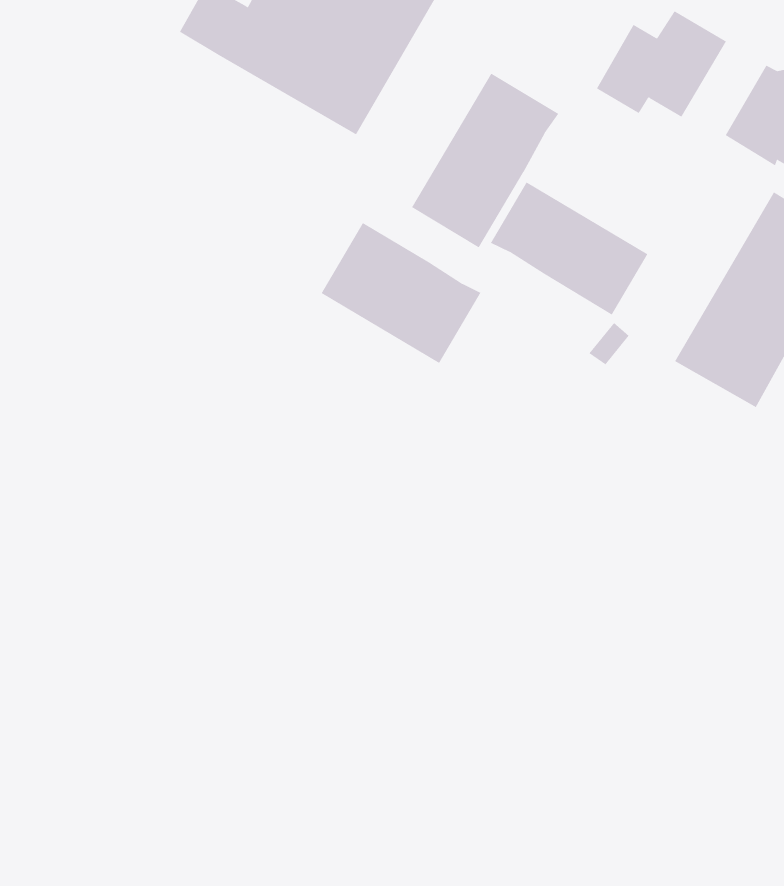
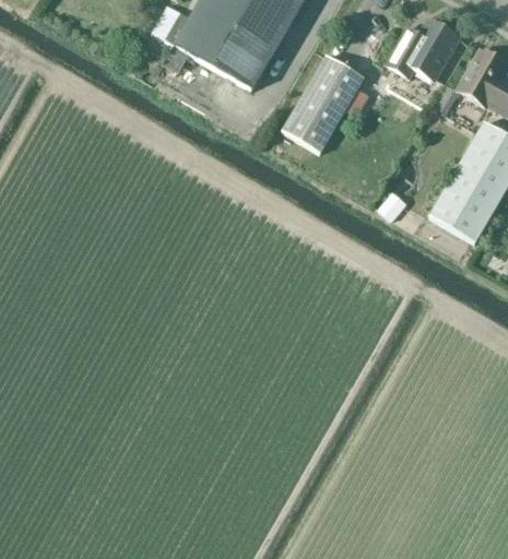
building: [490,182,648,315] -> none
building: [321,222,481,364] -> none

